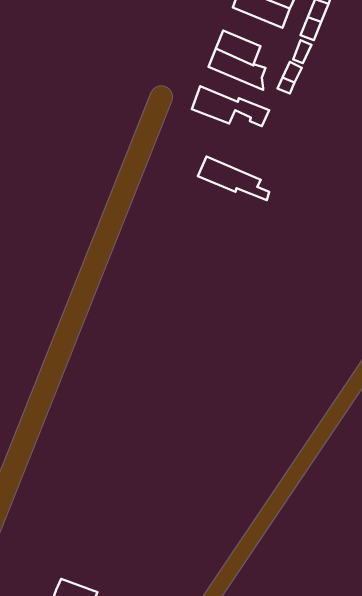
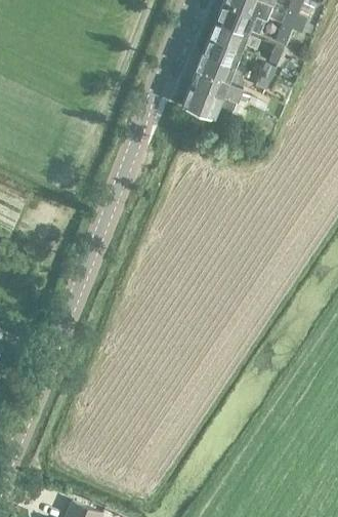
building: none -> [208,22,259,50]
building: [198,157,269,200] -> [188,68,249,105]

